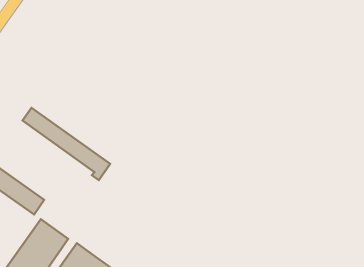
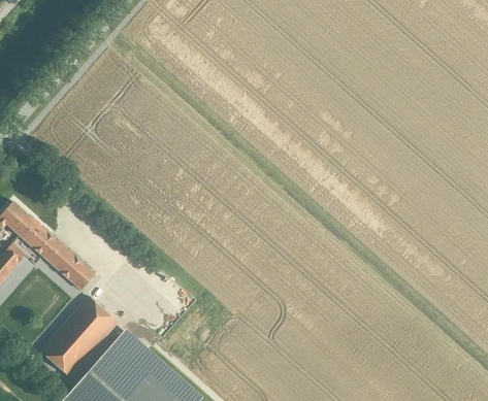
building: [22,108,110,180] -> none

